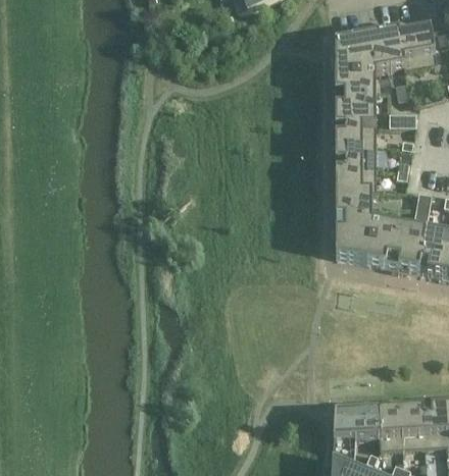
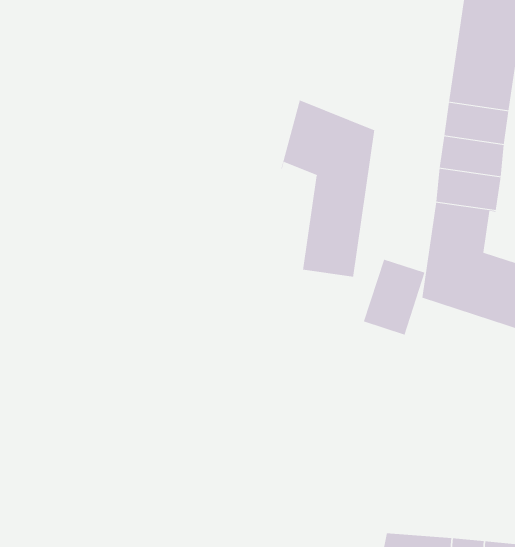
building: none -> [281,99,375,277]
building: none -> [363,259,425,335]

